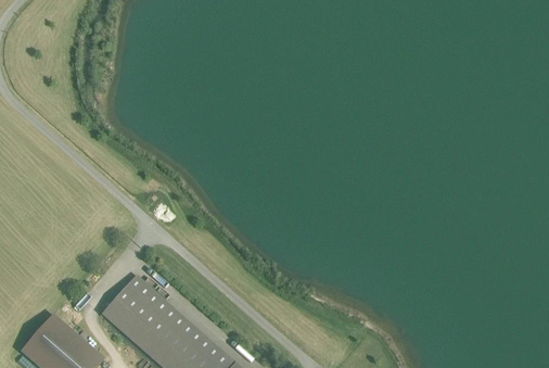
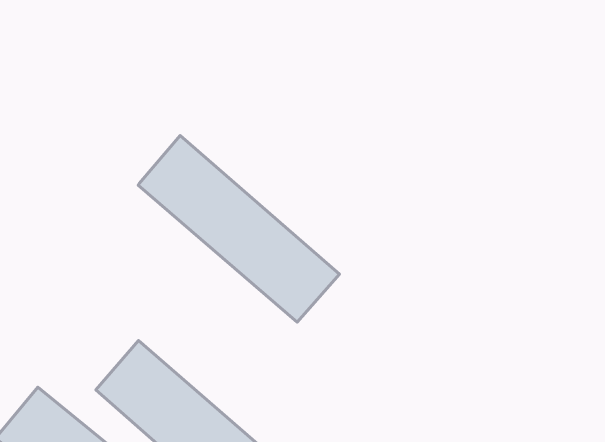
building: none -> [138,135,340,322]

